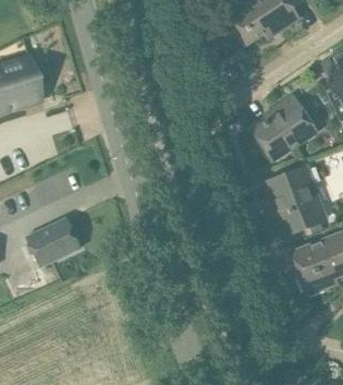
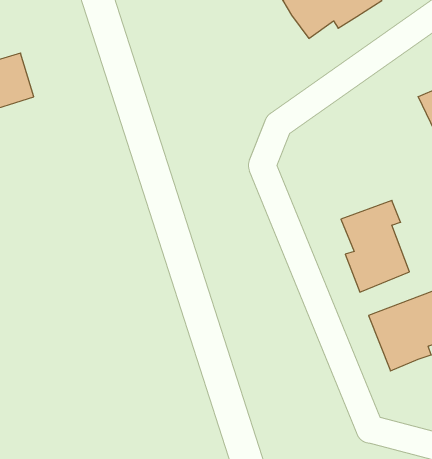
building: [253,94,317,160] -> none
building: [26,216,81,265] -> none

